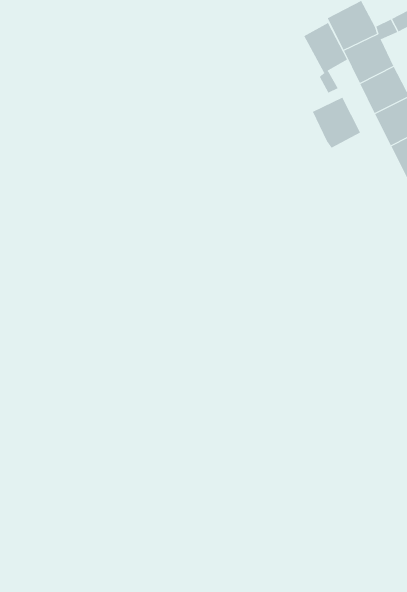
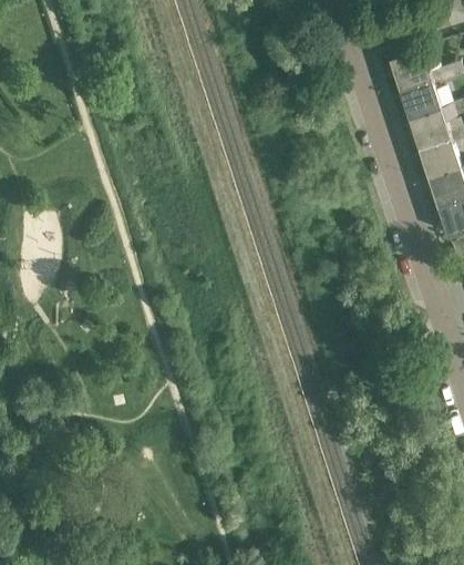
building: [303,22,348,93] -> none
building: [312,97,361,149] -> none

